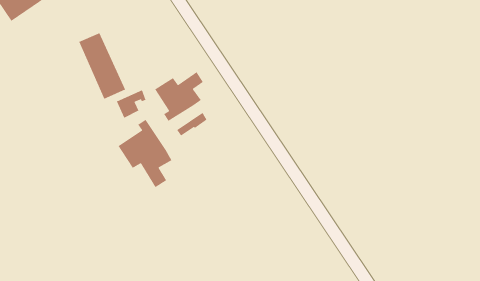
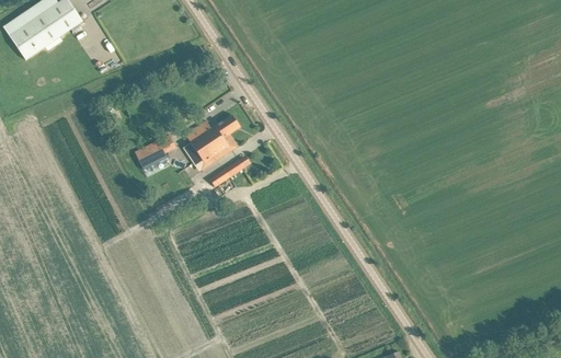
building: [78,32,126,100] -> none
building: [117,119,172,188] -> none

